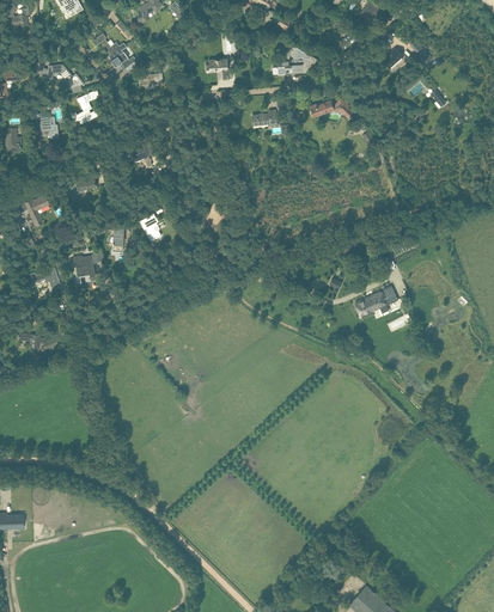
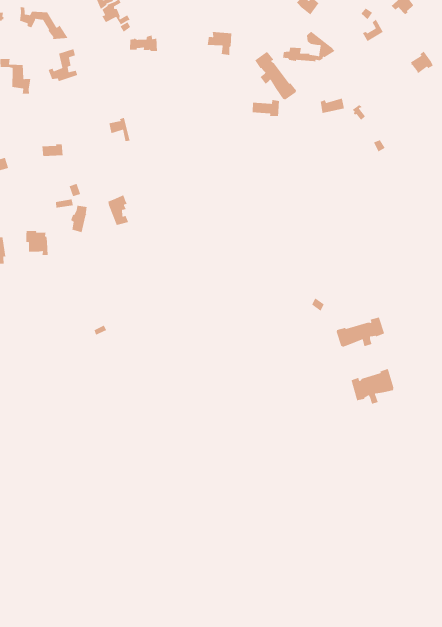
building: none -> [254,51,297,101]
building: none -> [350,368,395,405]

